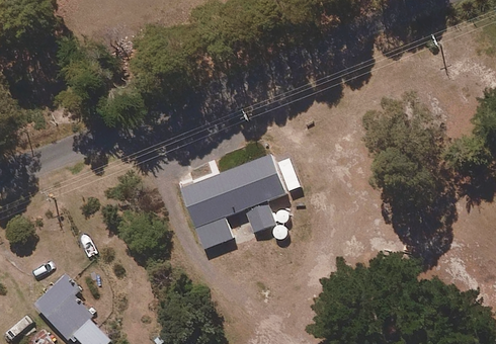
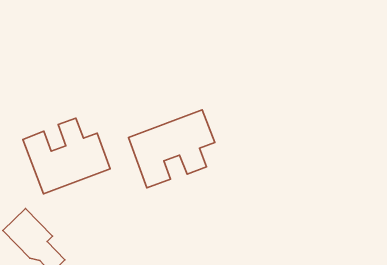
building: none -> [23,118,110,194]

